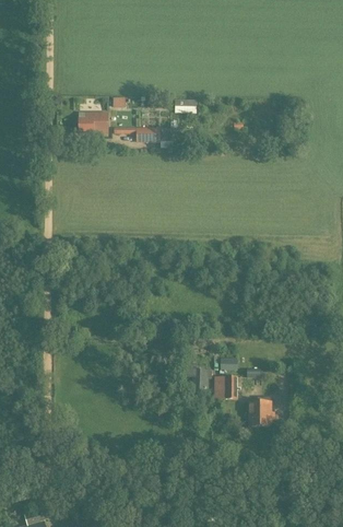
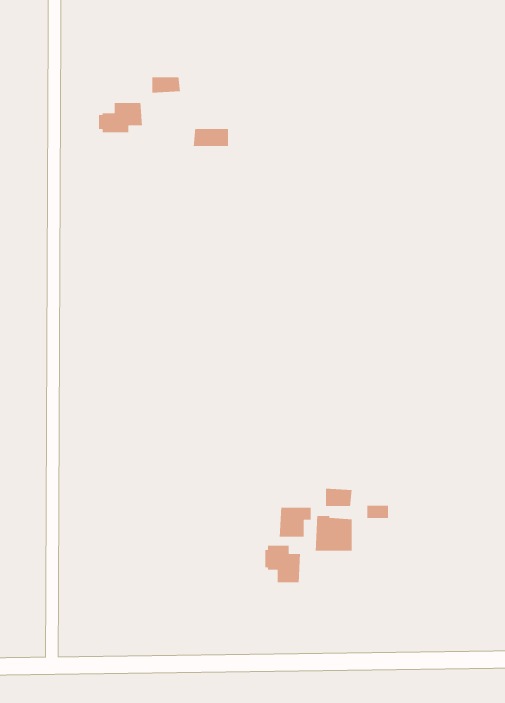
building: none -> [264,545,301,583]
building: [249,397,271,425] -> none

